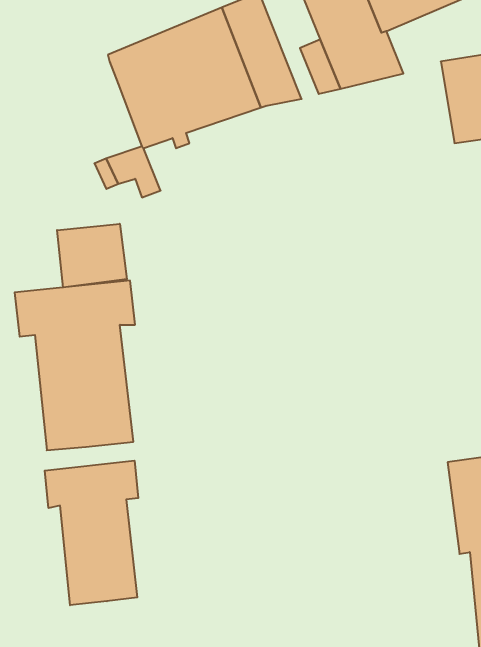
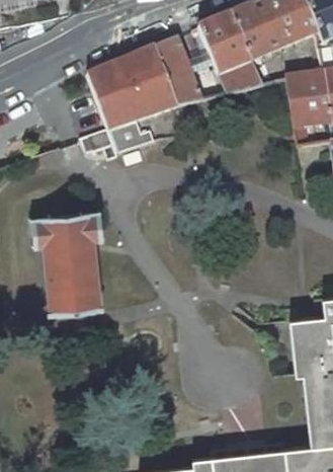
building: [57,224,127,287] -> none
building: [45,461,138,605] -> none

